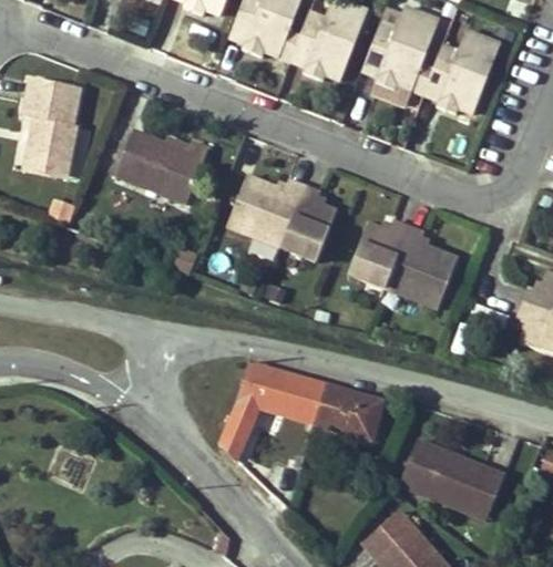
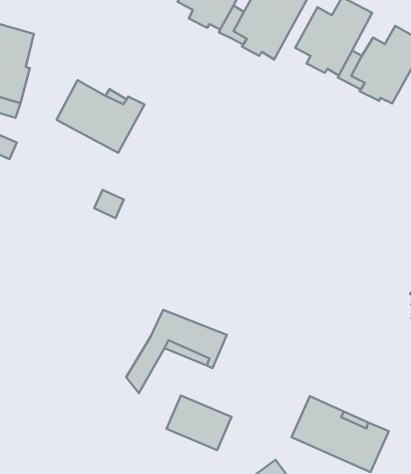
building: [227,176,337,262] -> none
building: [349,219,459,309] -> none
building: [313,385,381,440] -> [166,395,232,450]

